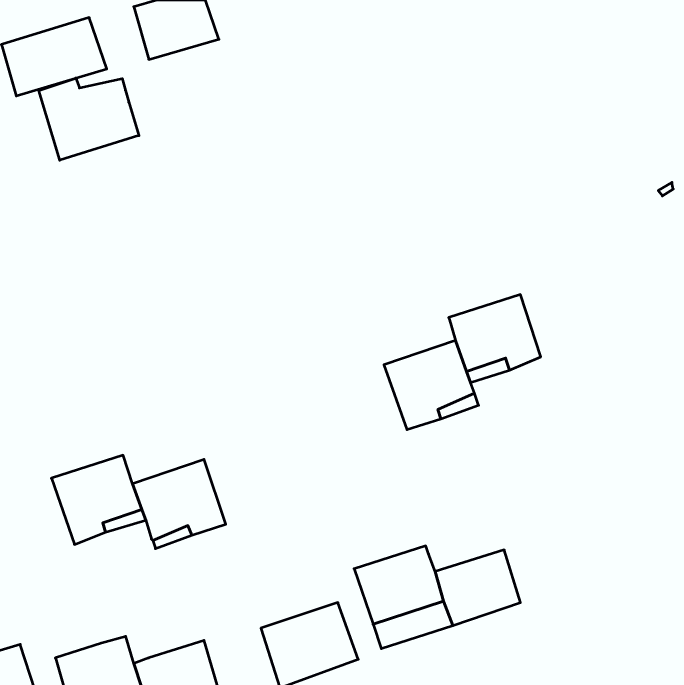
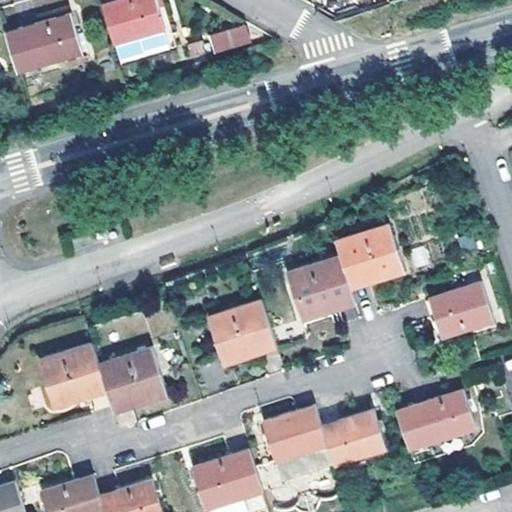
building: none -> [203,27,247,58]
building: [39,78,139,160] -> none
building: none -> [428,278,494,335]
building: none -> [208,301,278,367]
building: none -> [397,389,477,449]

